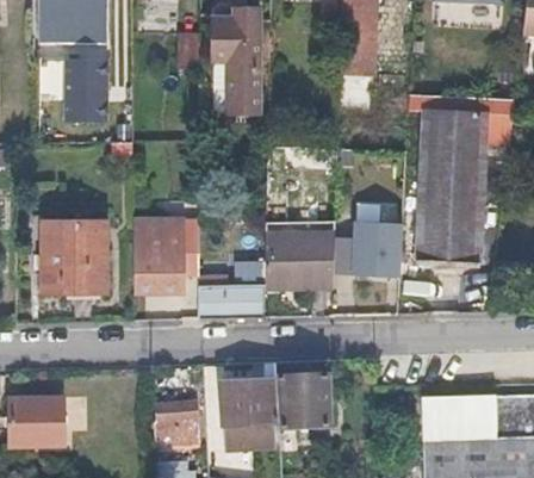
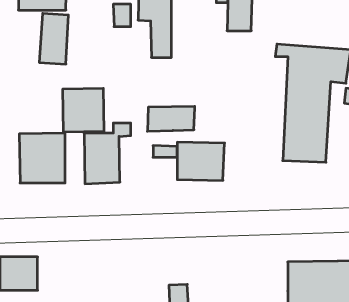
building: none -> [63,88,104,132]
building: [354,222,402,280] -> none
building: [198,283,266,318] -> [147,106,195,131]
building: [278,374,331,427] -> none
building: [223,380,272,422] -> none
building: [154,401,200,439] -> none

